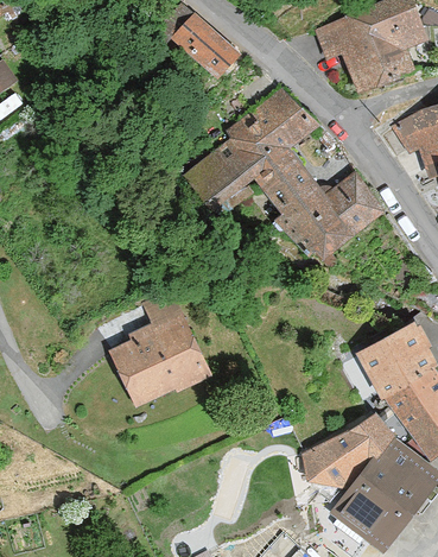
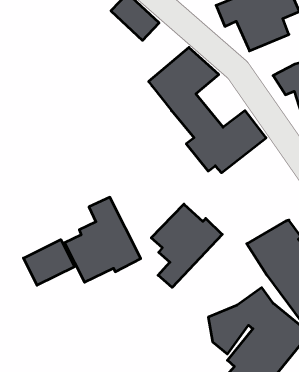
building: [184,140,254,208] -> none
building: none -> [151,204,222,287]
building: none -> [23,240,74,285]

